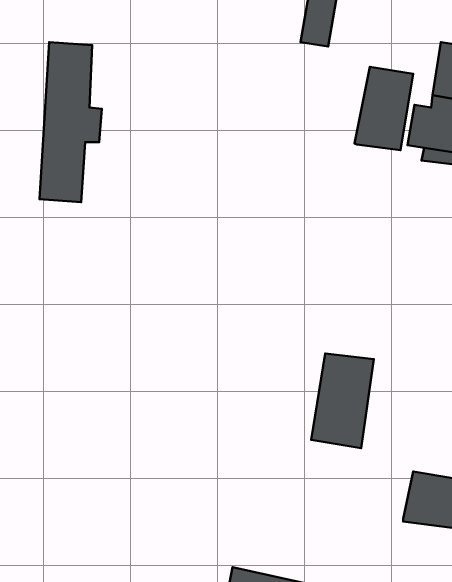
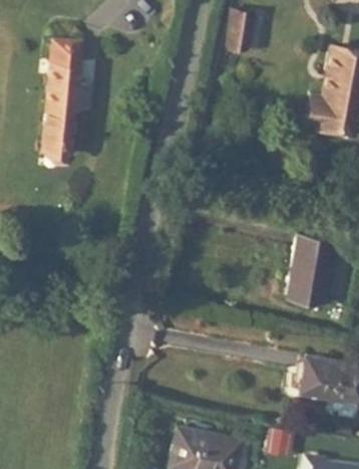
building: [354,67,413,150] -> none
building: [311,354,374,448] -> [287,235,332,303]

